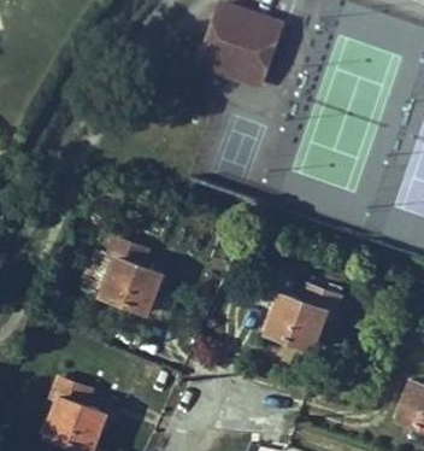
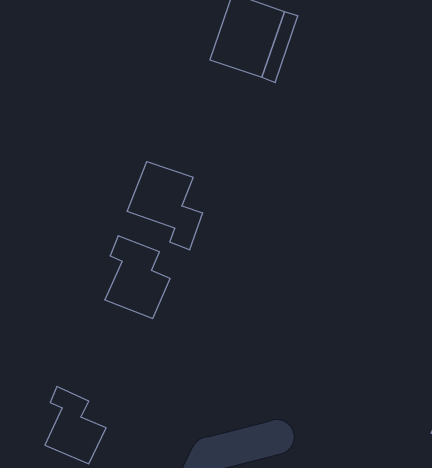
building: none -> [127,162,203,250]
building: [267,282,338,339] -> none

